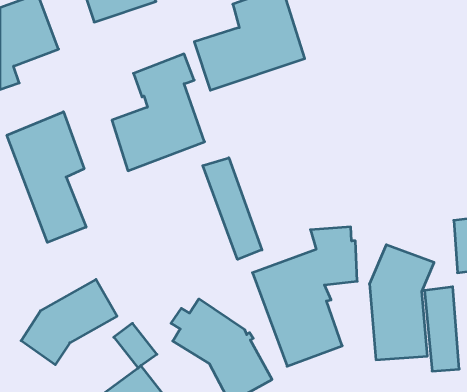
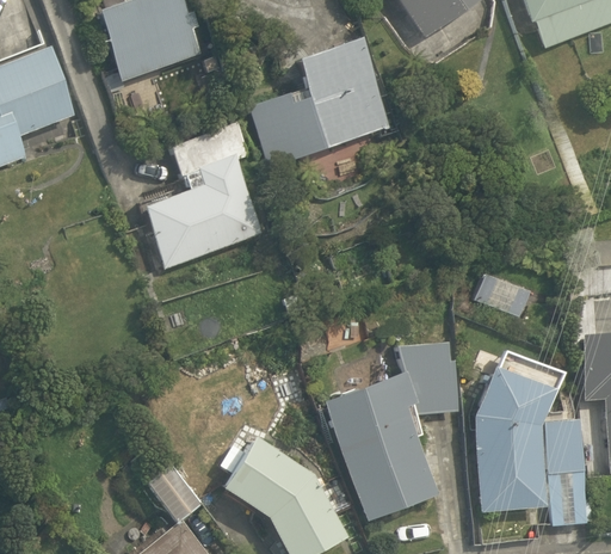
building: [7,112,86,242] -> none
building: [203,158,262,259] -> none
building: [21,279,117,365] -> none

